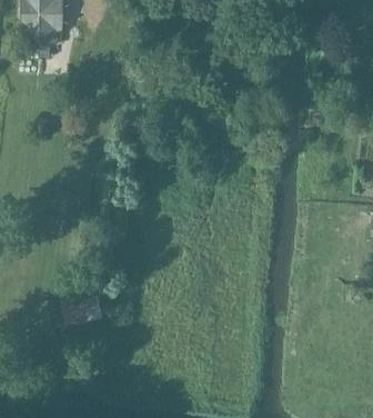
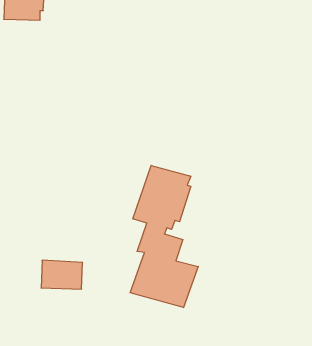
building: none -> [130,165,198,308]

